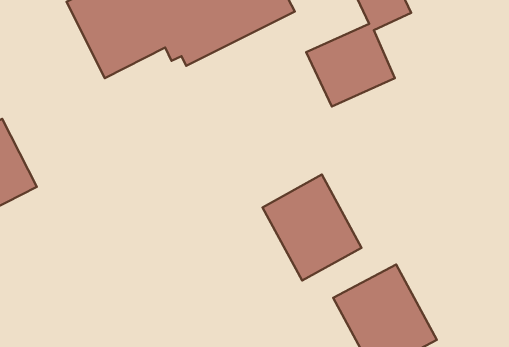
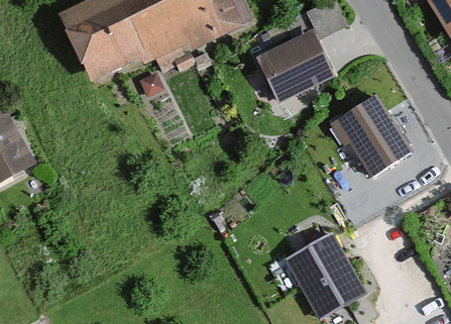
building: none -> [332,93,415,180]
building: [263,175,361,280] -> none

